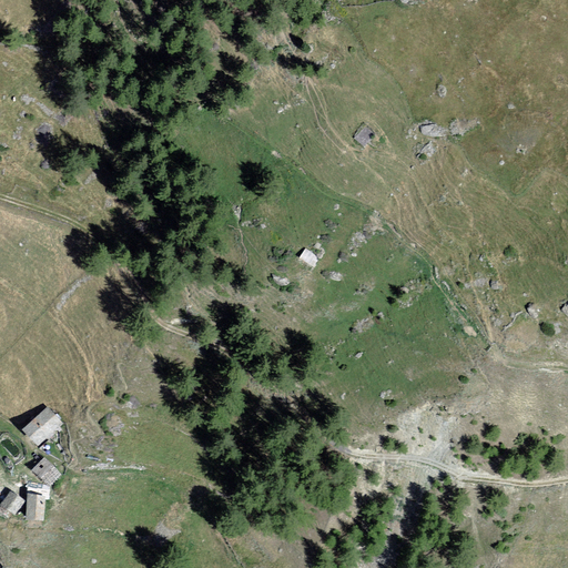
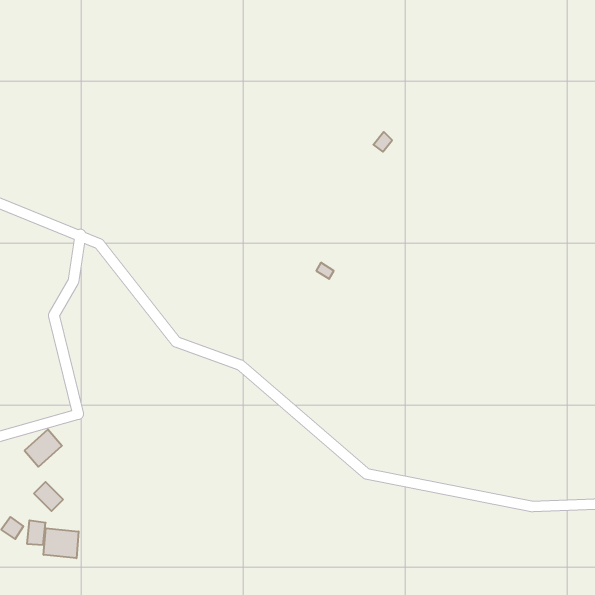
building: none -> [44,528,79,558]

